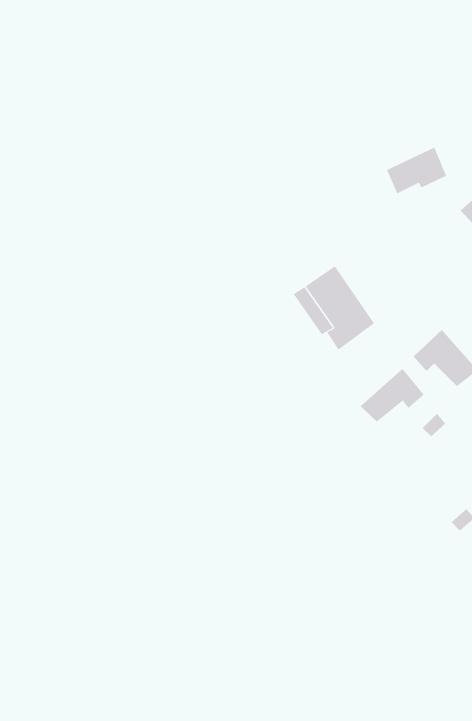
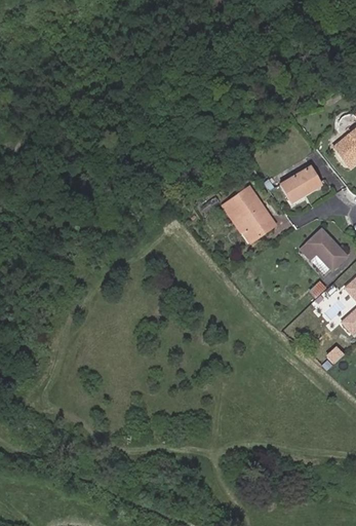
building: [386,147,447,194] -> [281,164,322,196]
building: [360,368,425,422] -> none

